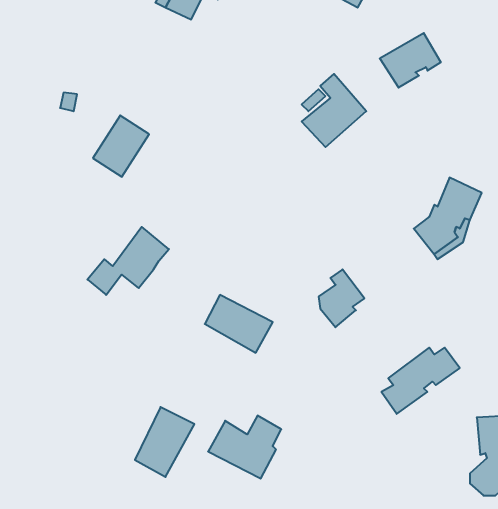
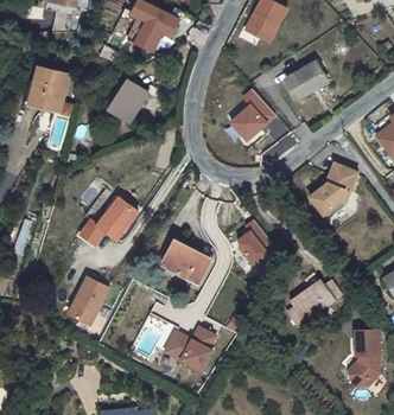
building: none -> [31,66,68,109]
building: [93,115,149,177] -> [109,78,148,121]
building: [135,407,194,477] -> [68,275,109,324]

